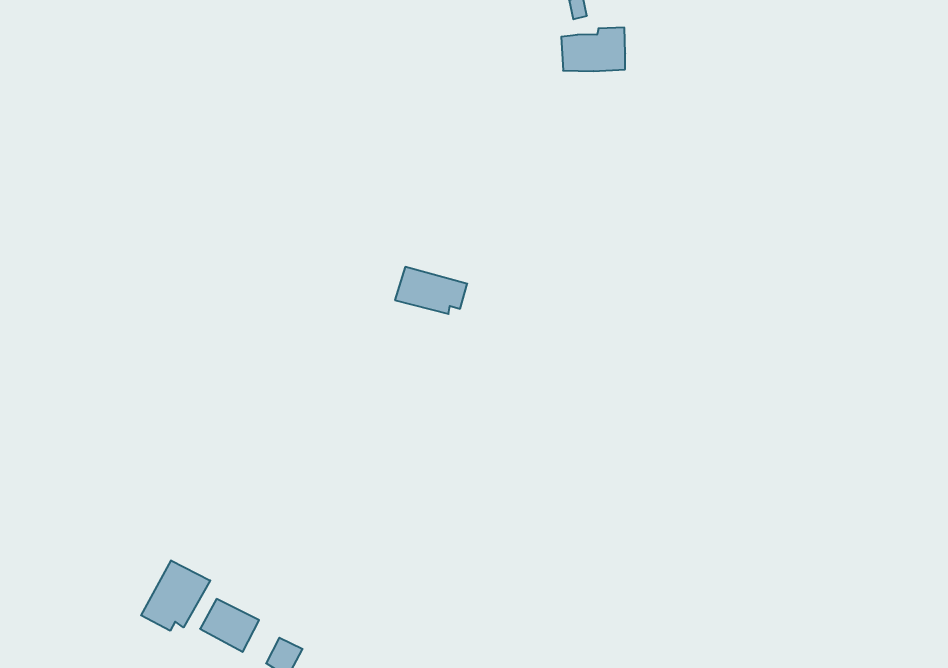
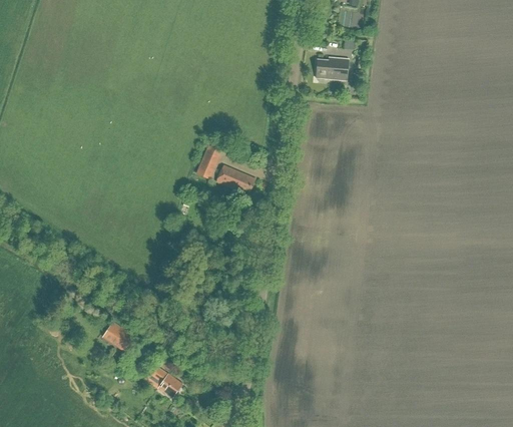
building: none -> [195,144,222,178]
building: [141,560,210,631] -> none

